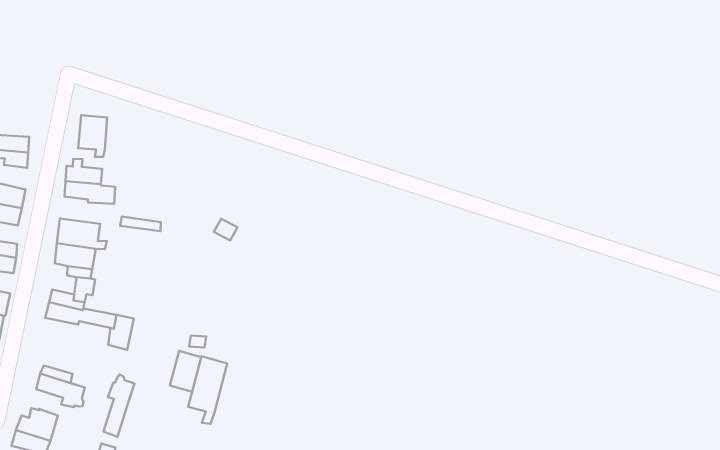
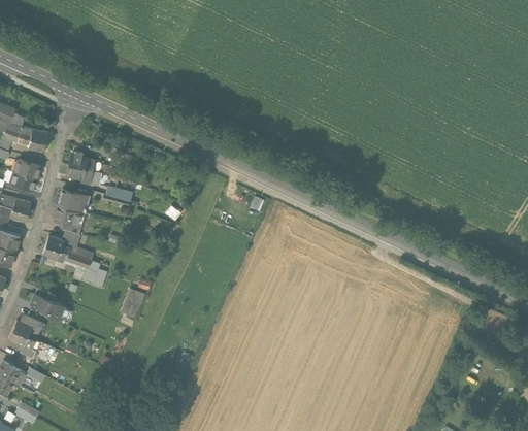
building: [78,115,107,157] -> none
building: [188,356,227,424] -> none
building: [104,375,134,437] -> none

